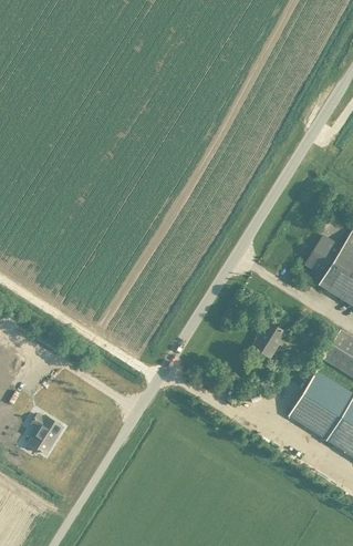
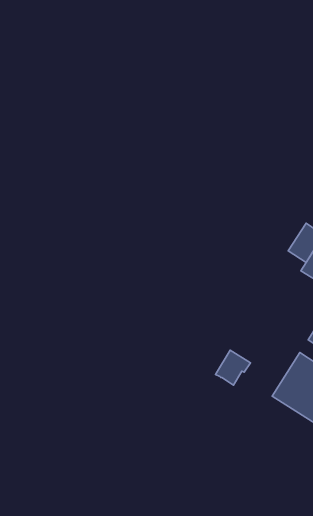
building: [252,322,289,359] -> [215,350,250,385]
building: [29,415,64,455] -> none

